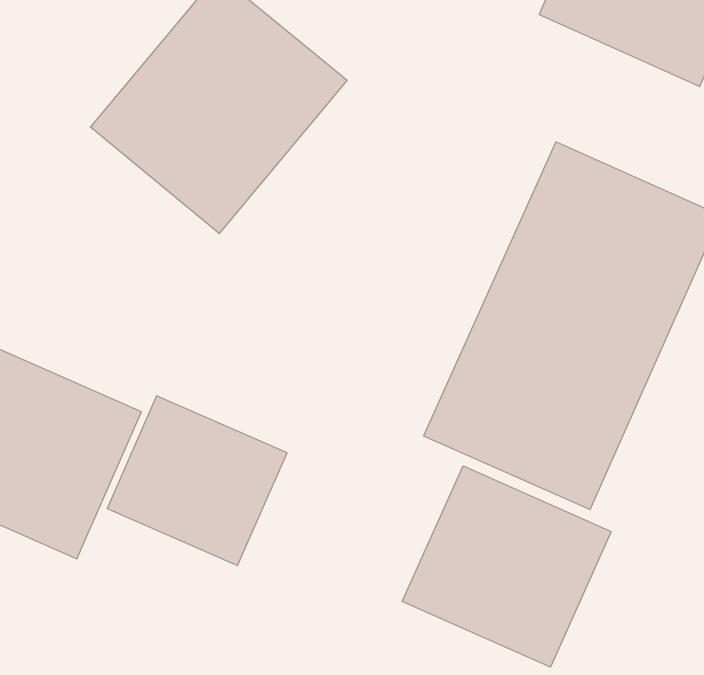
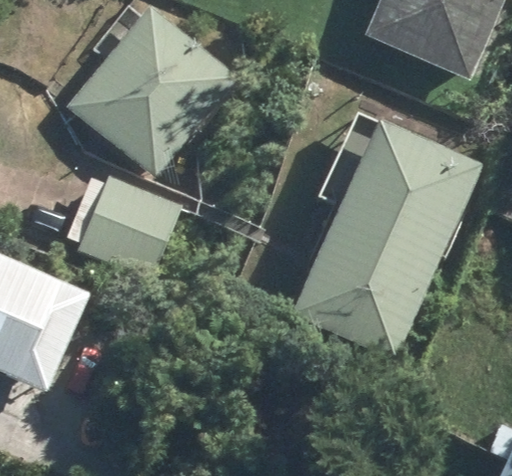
building: [107,396,287,565] -> [70,168,190,281]
building: [402,466,611,667] -> none

